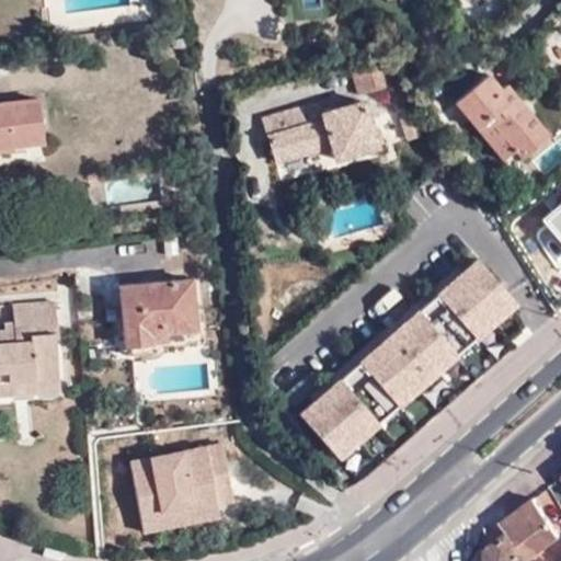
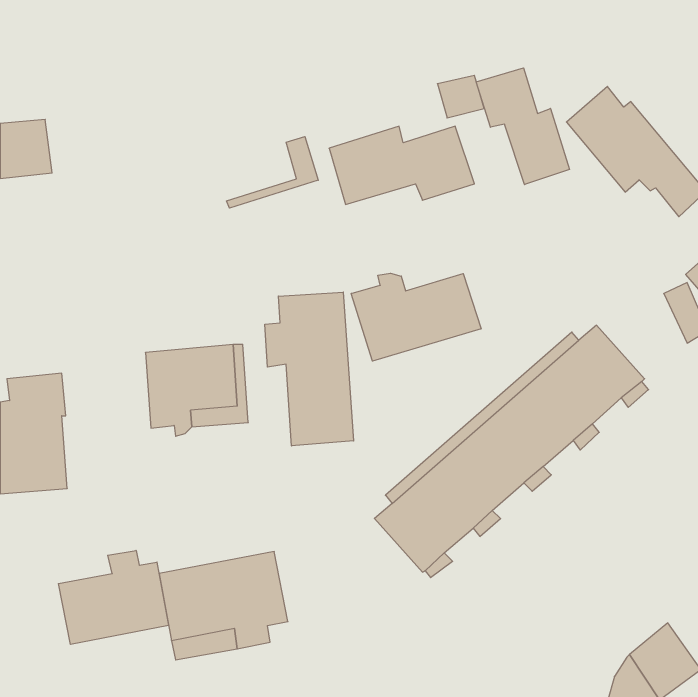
building: none -> [476,68,569,185]
building: none -> [226,137,318,208]
building: none -> [351,273,481,361]
building: none -> [265,292,354,446]
building: none -> [58,550,169,644]

